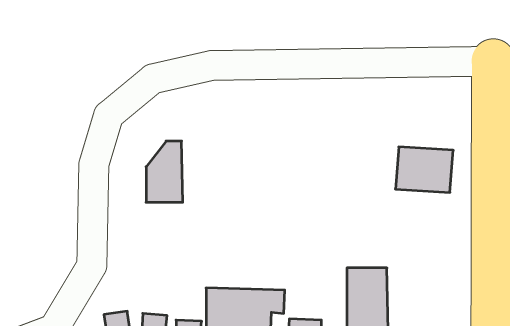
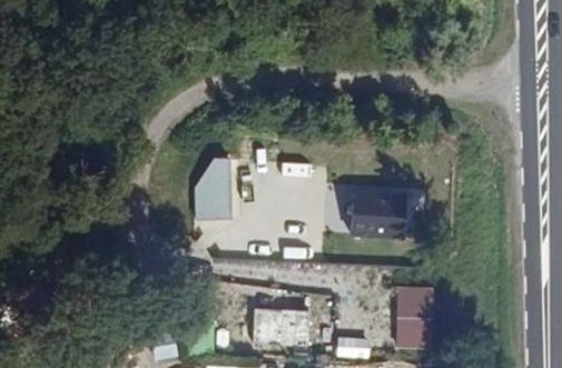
building: [395,147,453,192] -> [349,192,407,238]

